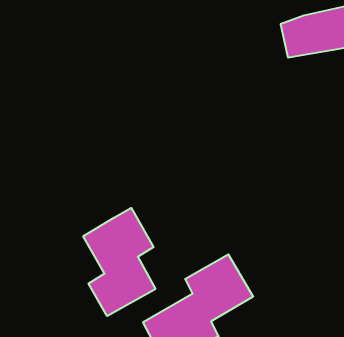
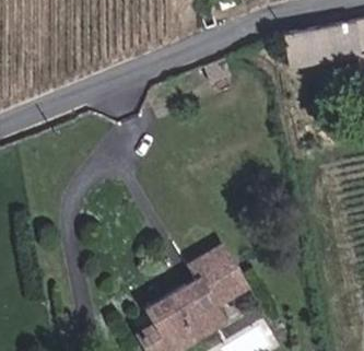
building: [83,208,155,316] -> none

